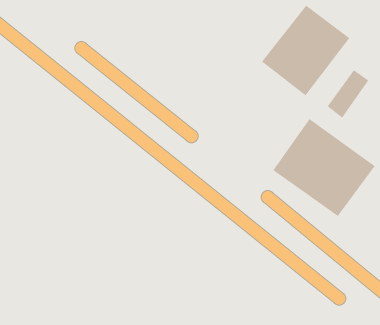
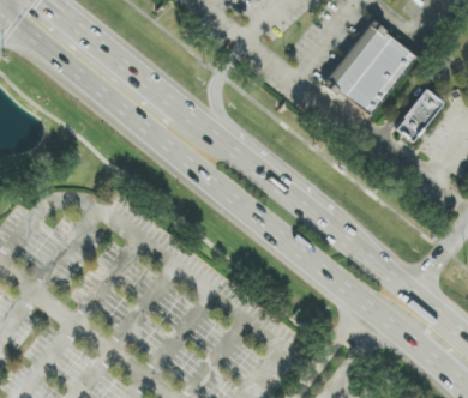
building: [272,118,375,217] -> none

